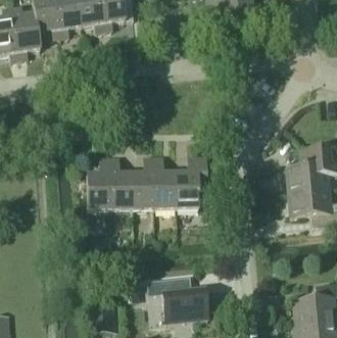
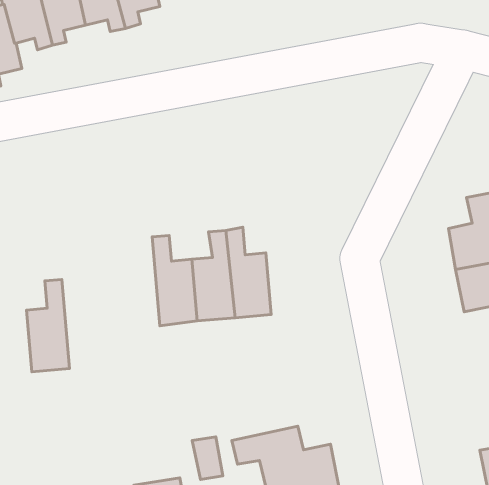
building: [176,155,206,208] -> none
building: [87,156,109,209] -> [27,279,70,372]

